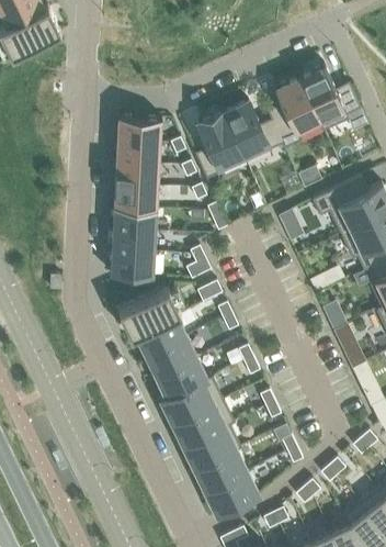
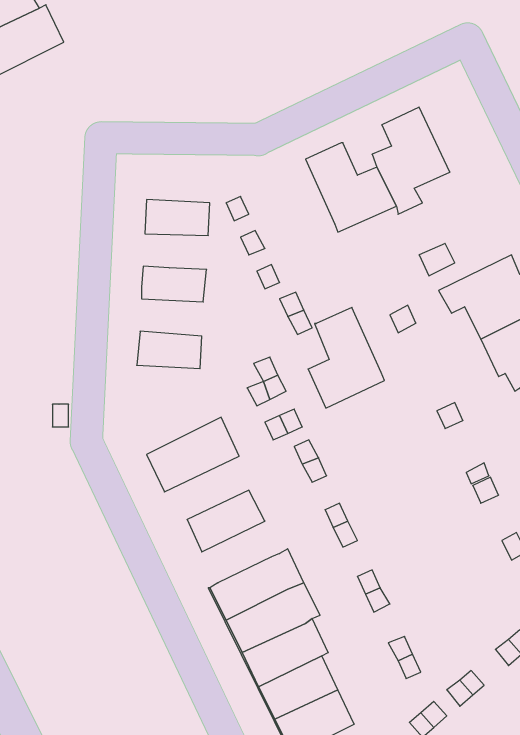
building: [302,66,364,132] -> none
building: [195,112,247,180] -> [308,307,384,408]
building: [117,116,161,142] -> none
building: [115,163,159,187] -> none
building: [113,206,156,232] -> none
building: [110,252,154,277] -> none
building: [135,315,186,356] -> none
building: [155,357,207,399] -> none

